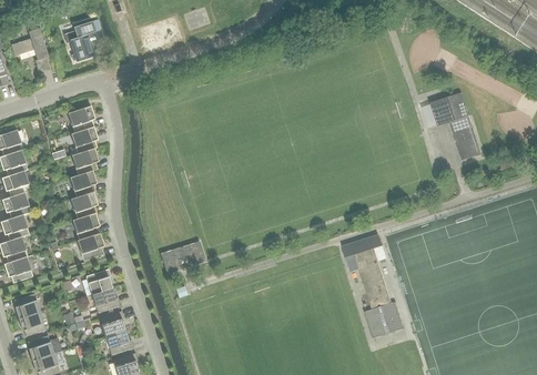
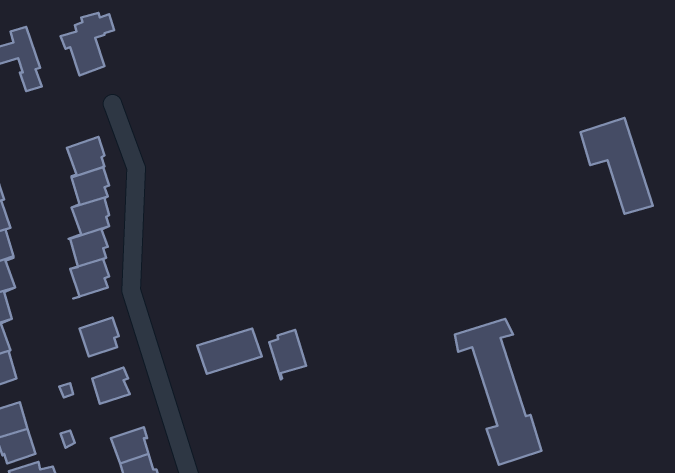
building: [72,212,100,241] -> none
building: none -> [269,330,306,380]
building: [91,287,120,313] -> none

